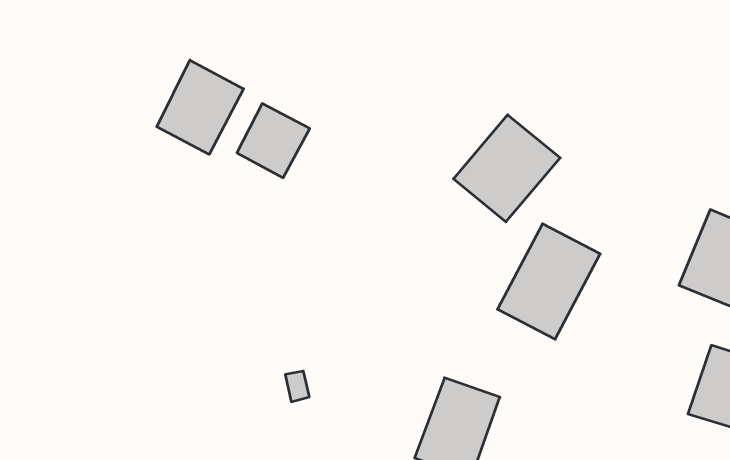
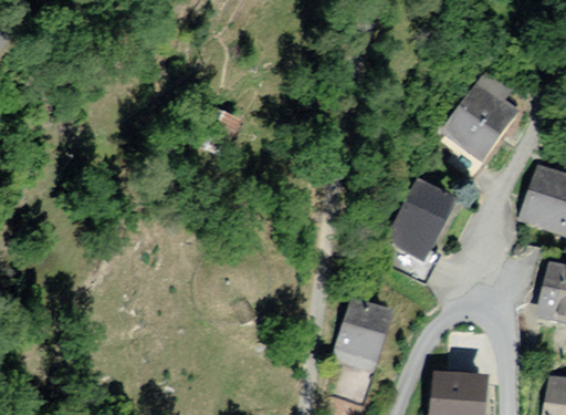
building: [157,60,244,154] -> none
building: [453,115,560,222] -> [443,82,522,162]

